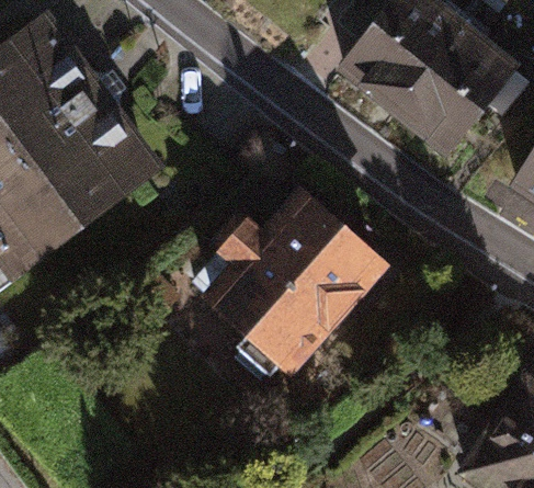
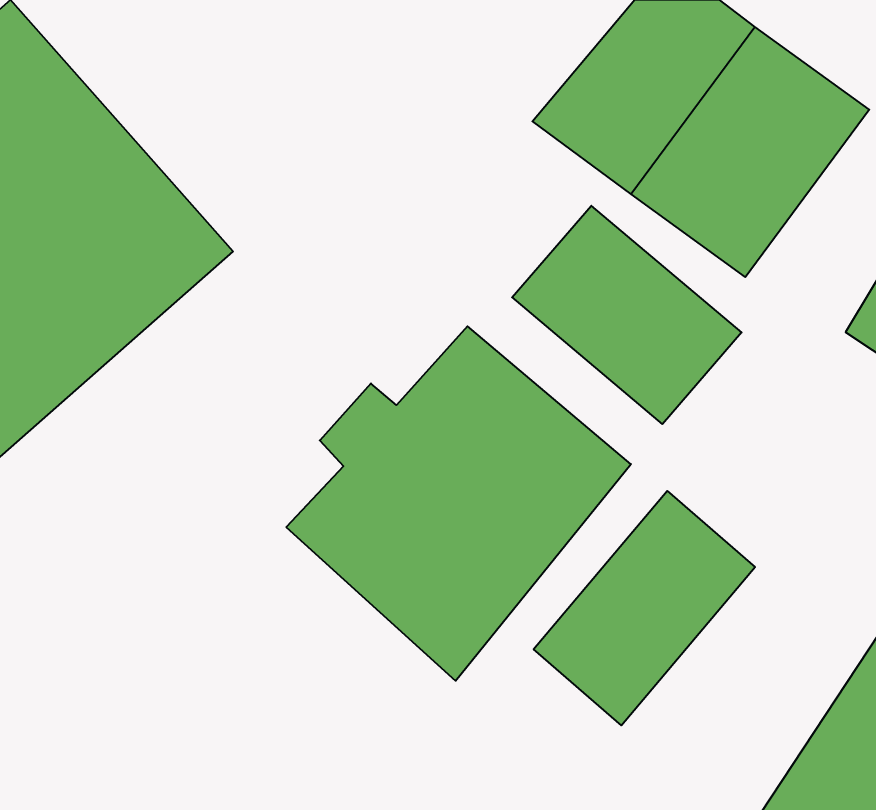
building: none -> [512,206,742,424]
building: none -> [534,491,755,725]

